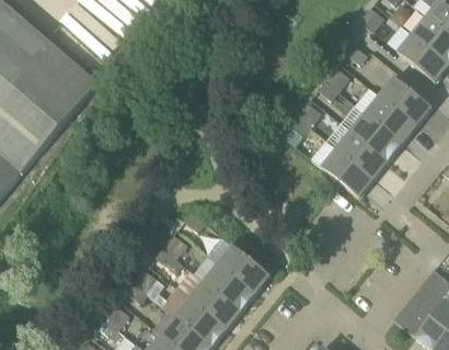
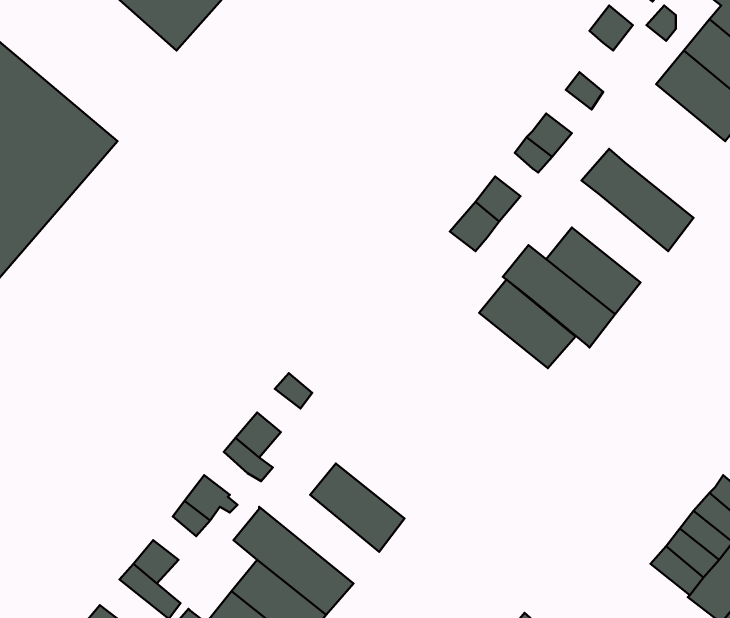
building: [379,77,431,125] -> none
building: [349,112,403,161] -> [479,280,575,368]
building: [218,245,270,293] -> none
building: [175,270,242,329] -> none

